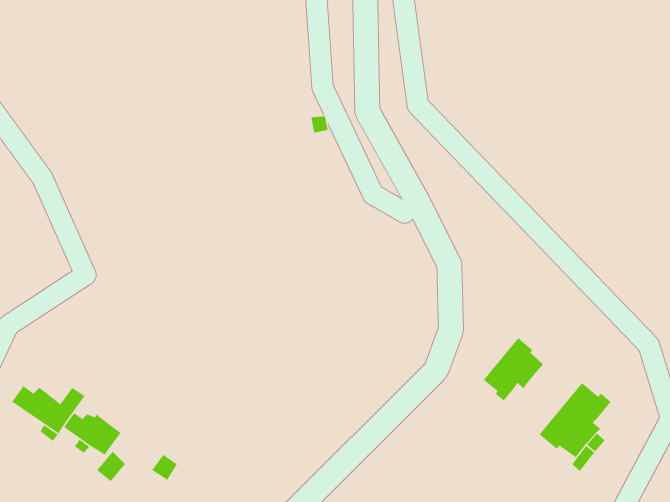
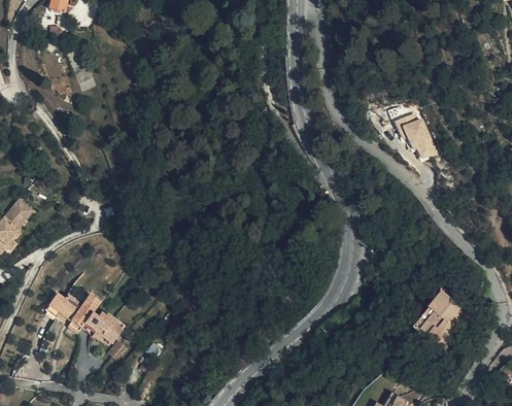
building: none -> [398,111,440,162]
building: [483,337,544,401] -> none

